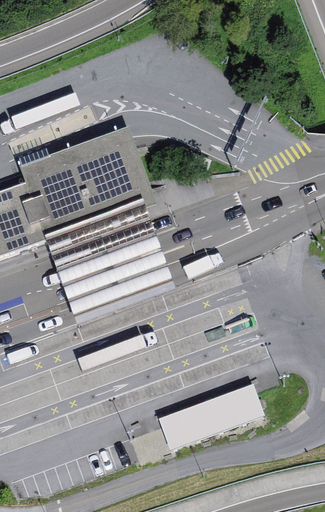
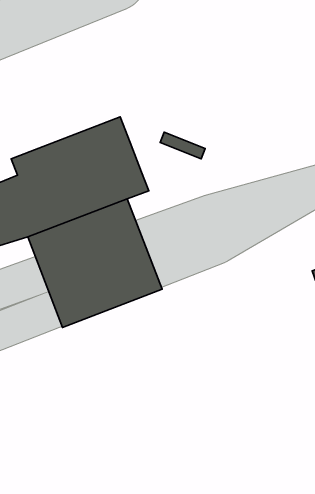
building: [161,383,267,446] -> none

